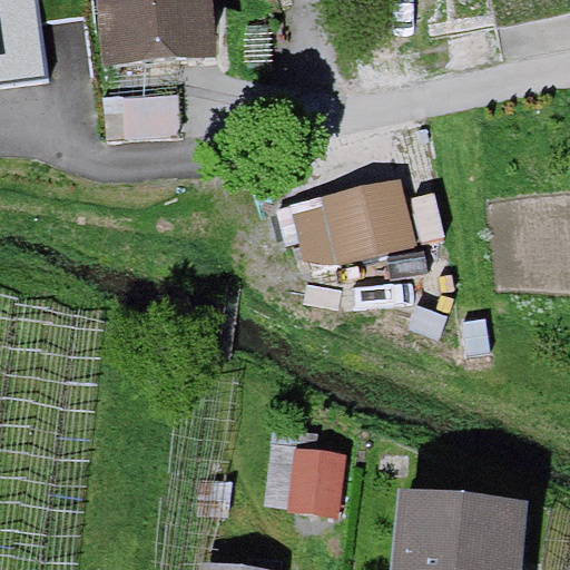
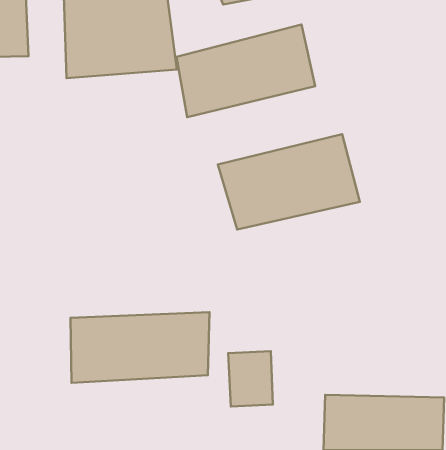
building: none -> [177,24,315,117]
building: none -> [70,312,209,383]

